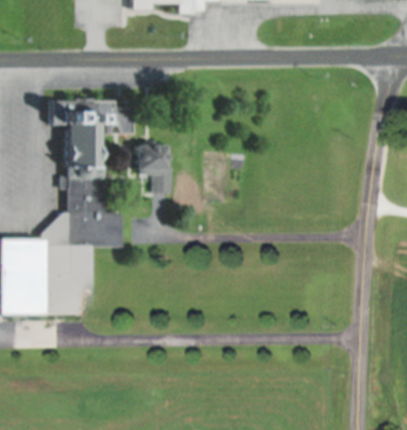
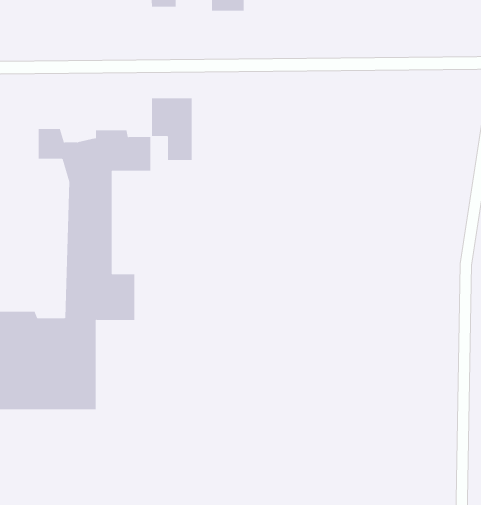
building: [139,143,170,190] -> [151,98,192,161]
building: [37,211,67,242] -> none

